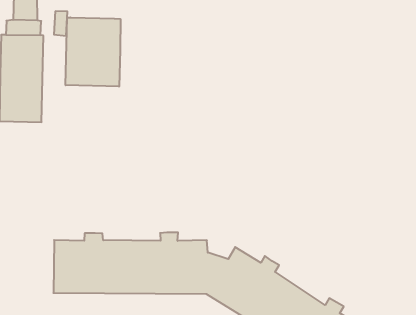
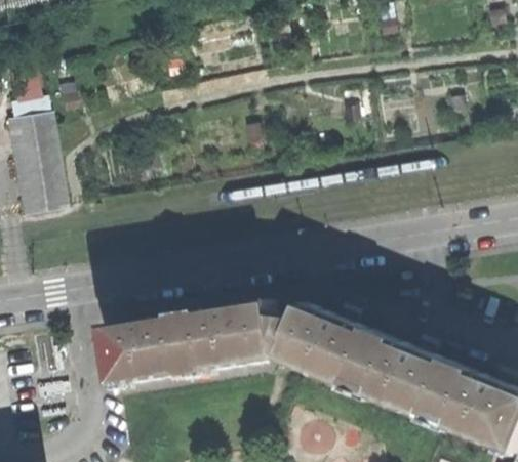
building: [66,17,120,87] -> none

